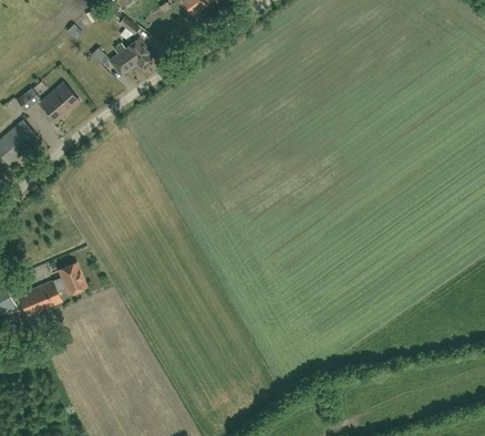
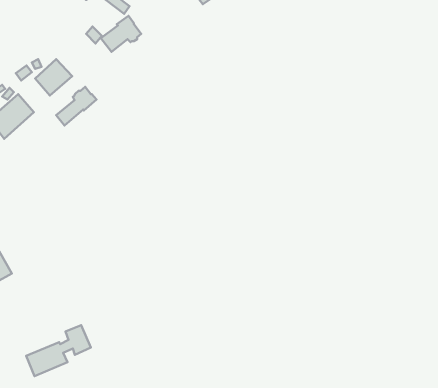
building: none -> [56,87,97,125]
building: [18,263,85,316] -> [26,325,91,376]

